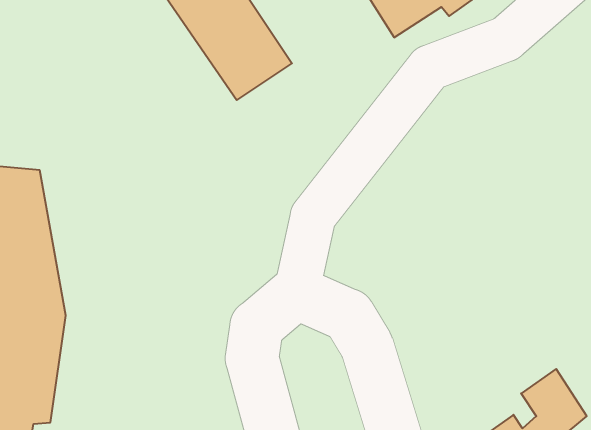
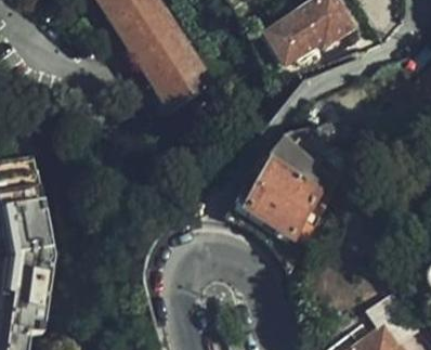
building: none -> [225,129,331,251]

